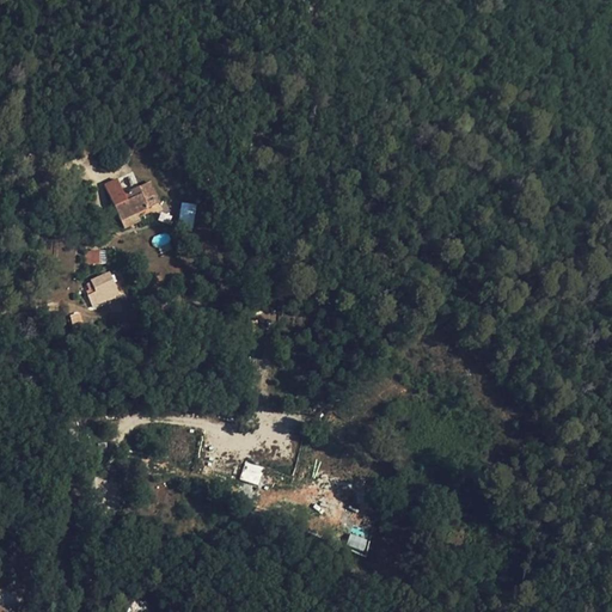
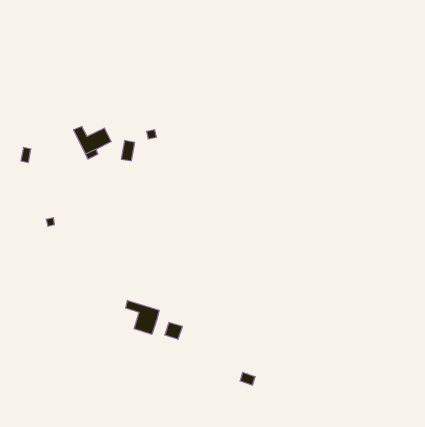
building: [92,271,123,304] -> none
building: none -> [126,300,159,334]

